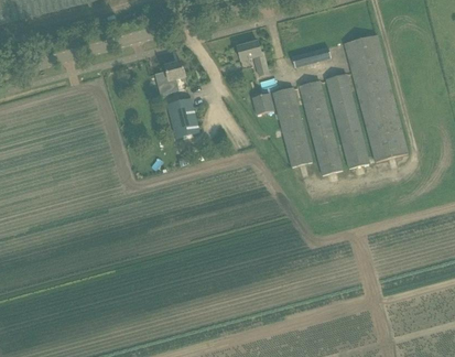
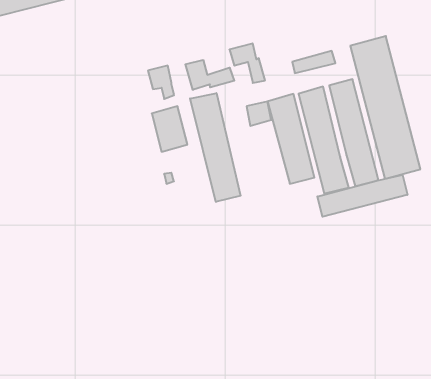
building: none -> [185,60,234,90]
building: none -> [190,93,241,202]
building: none -> [317,175,407,217]

